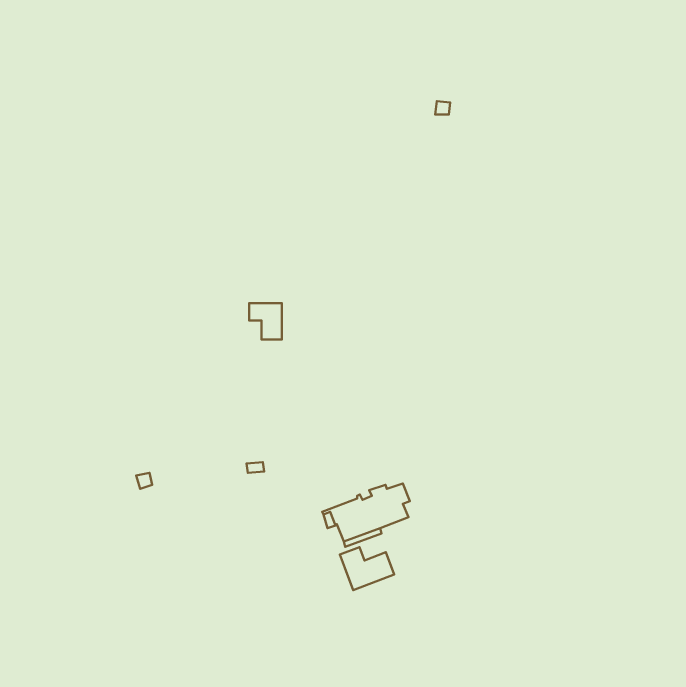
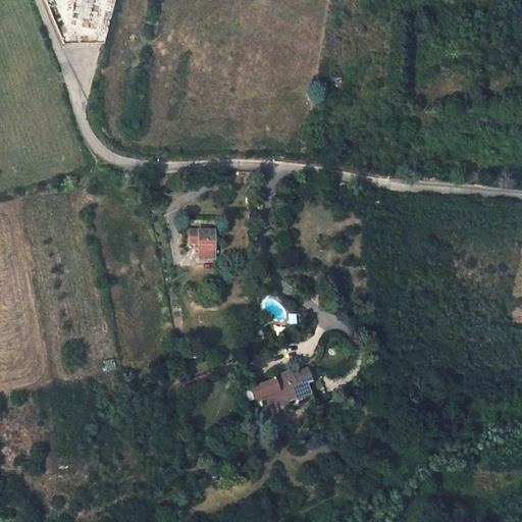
building: [340,547,394,590] -> none

